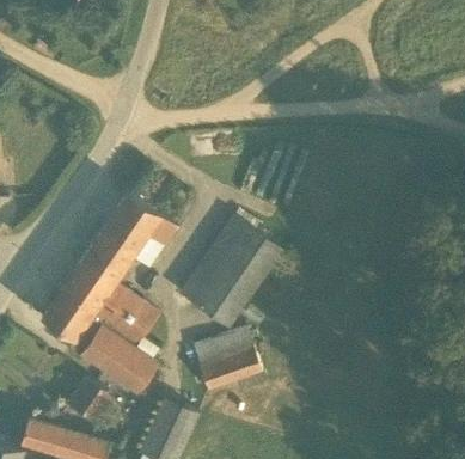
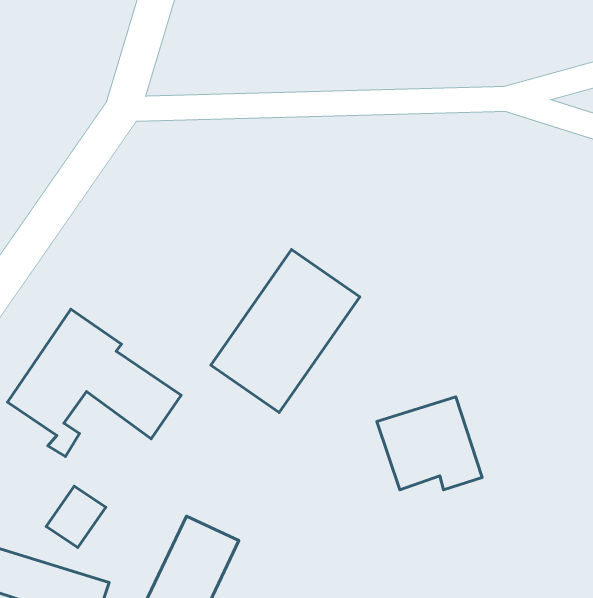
building: [84,192,177,280] -> none
building: [80,328,155,396] -> none
building: [192,328,264,391] -> [377,397,482,490]

